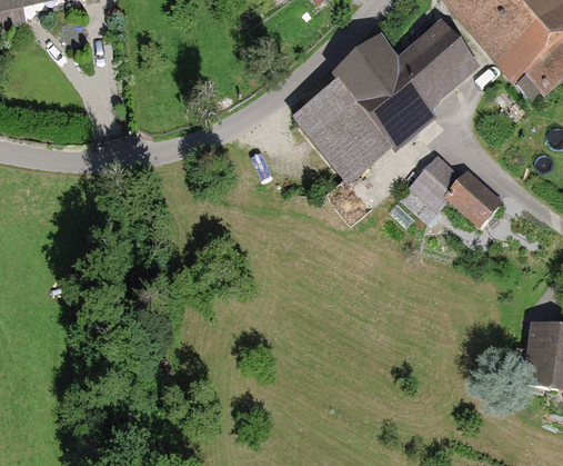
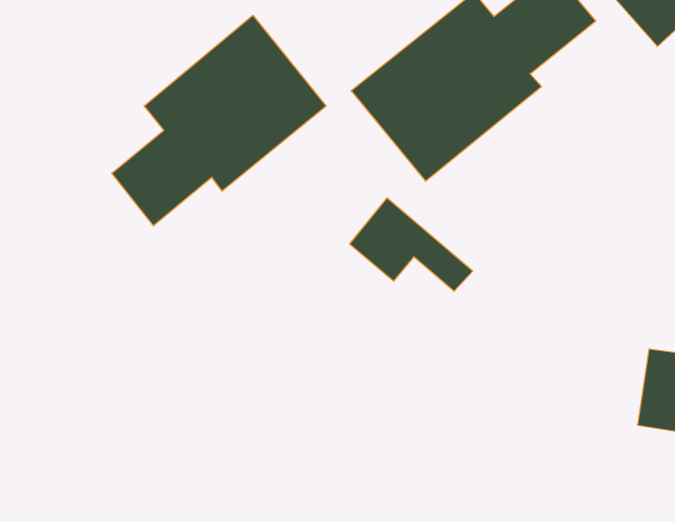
building: none -> [112,15,326,226]
building: [403,152,499,225] -> [350,198,473,291]

